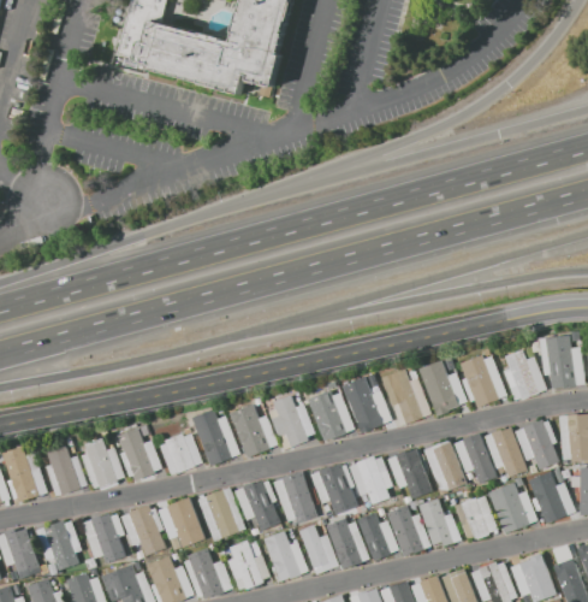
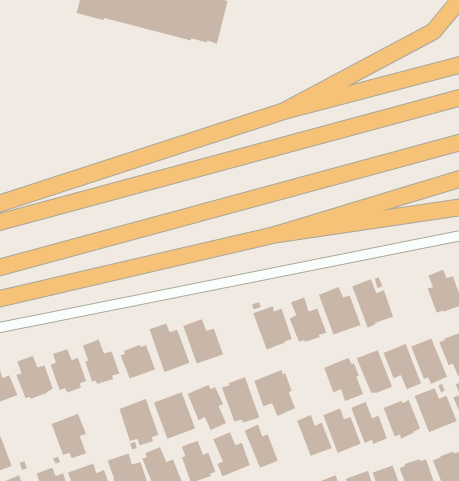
building: [459,354,506,407] -> none
building: [268,395,315,450] -> none
building: [348,455,392,506] -> none
building: [120,504,165,556] -> none
building: [35,519,81,568] -> none
building: [326,519,369,568] -> none

